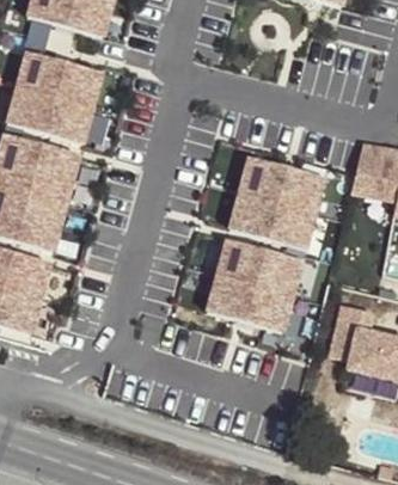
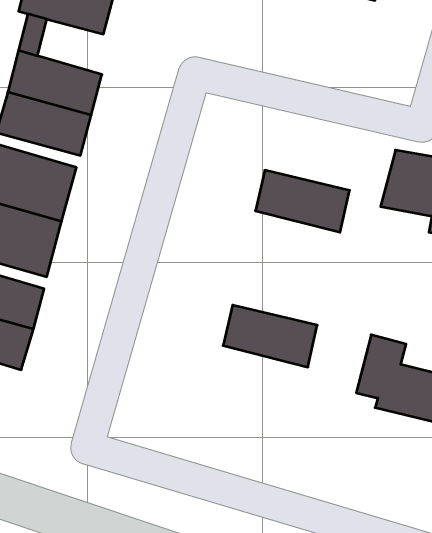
building: [228,194,313,248] -> none
building: [218,240,302,295] -> none

